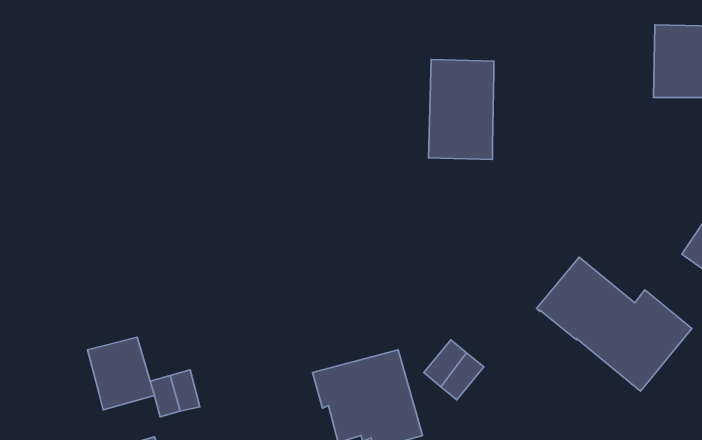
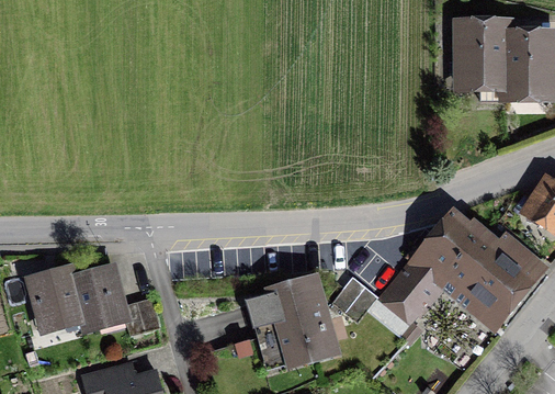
building: [428,60,494,159] -> [462,26,512,103]
building: none -> [382,256,452,328]
building: none -> [24,267,84,331]

